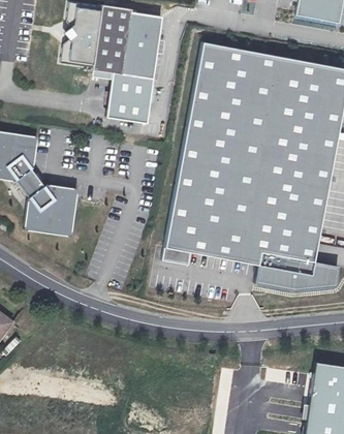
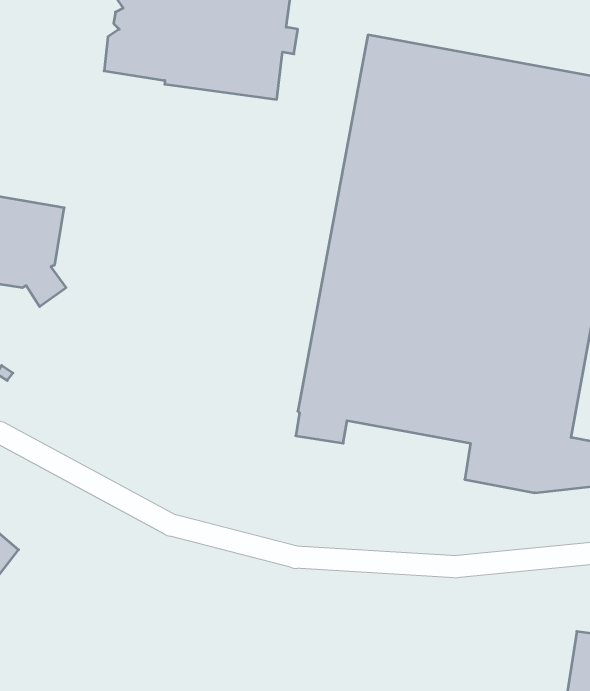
building: [92,69,154,122] -> none
building: [24,180,76,236] -> none

